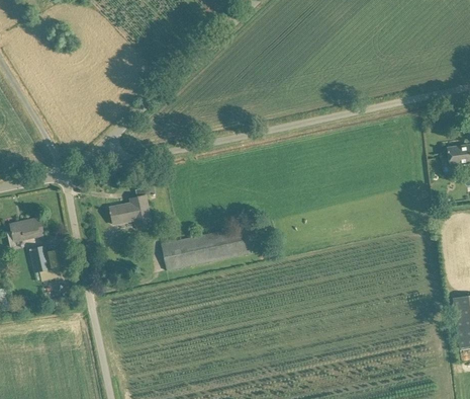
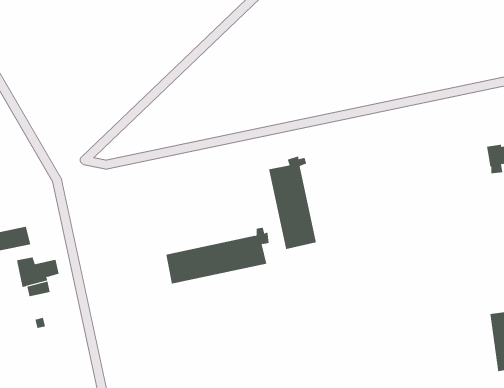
building: none -> [268,155,317,250]
building: [107,185,154,224] -> none

